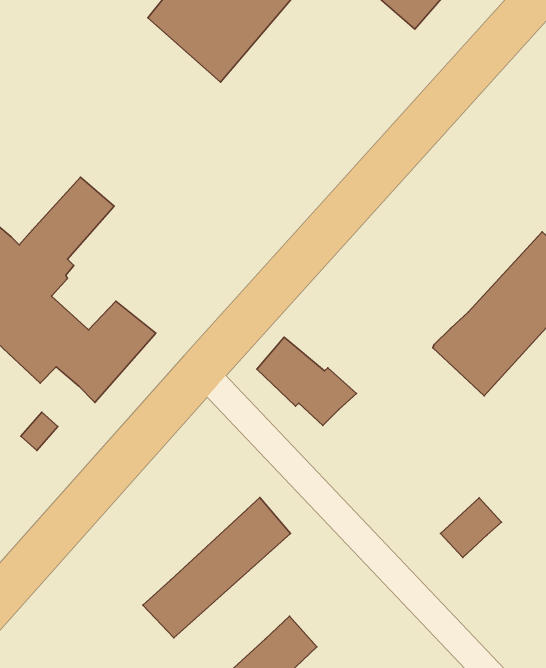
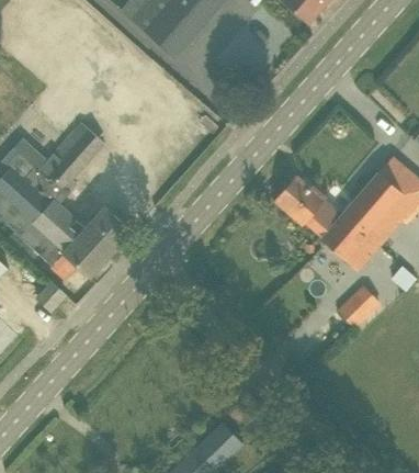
building: [257,337,357,426] -> [276,177,344,237]
building: [143,498,290,638] -> none
building: [440,498,502,557] -> [338,285,380,326]

